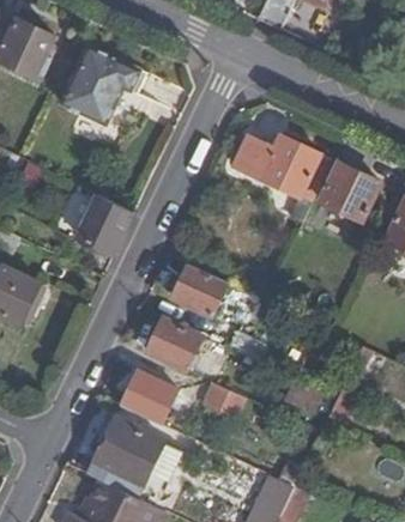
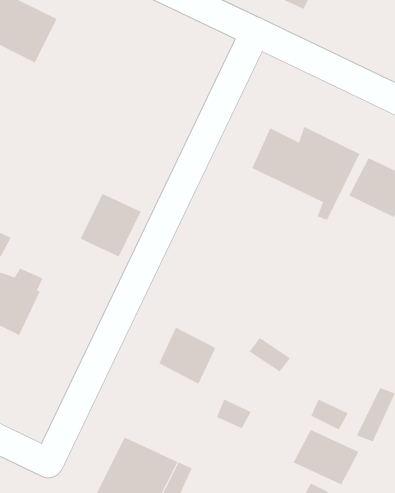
building: [62,43,149,123] -> none
building: [171,262,224,315] -> none
building: [121,371,174,423] -> none
building: none -> [293,429,359,485]

